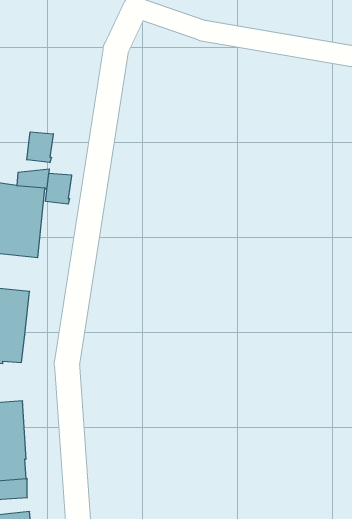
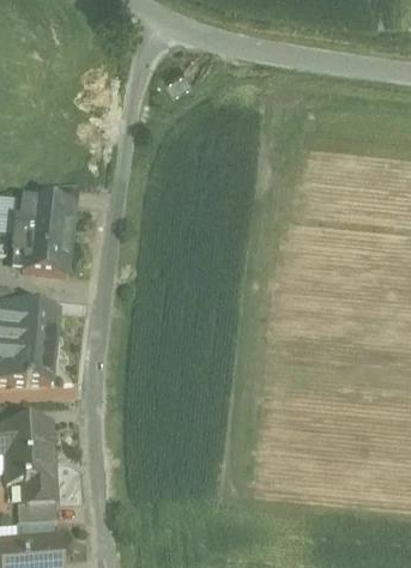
building: [27,132,53,163] -> none
building: [46,173,72,204] -> none

